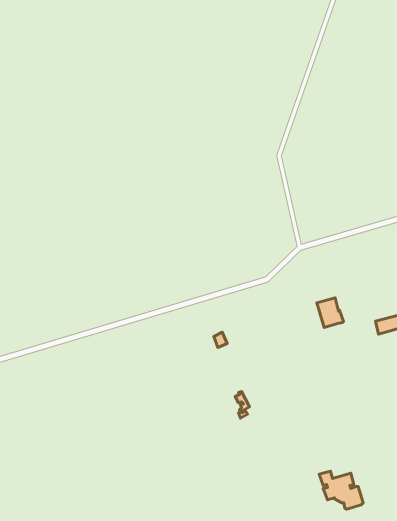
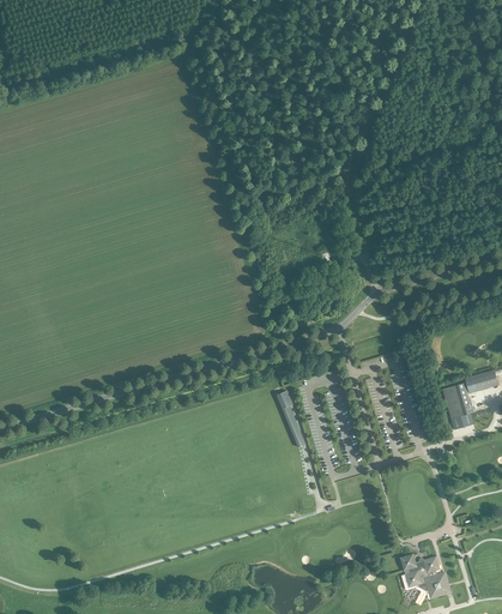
building: [317,298,343,327] -> [442,384,473,419]

